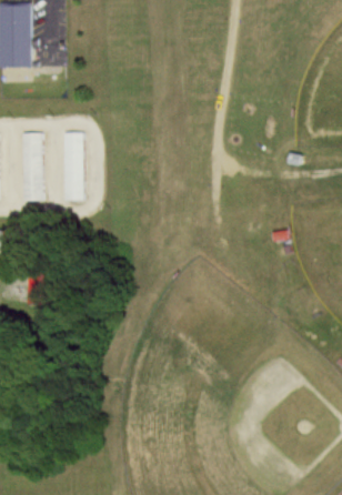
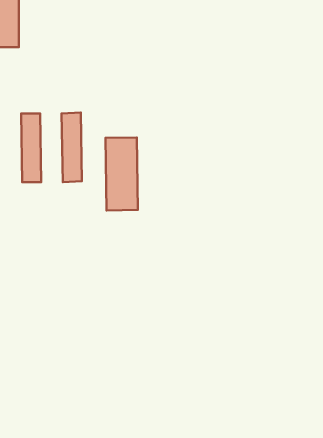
building: none -> [105,137,138,210]

